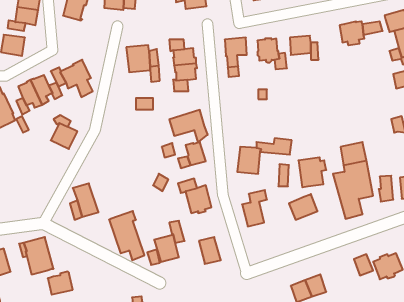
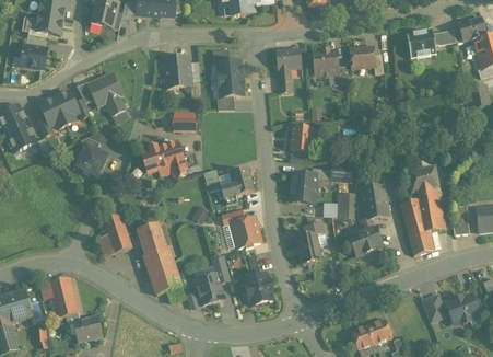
building: none -> [291,126,314,151]
building: [169,110,208,143] -> [142,141,186,178]
building: none -> [137,222,165,254]

